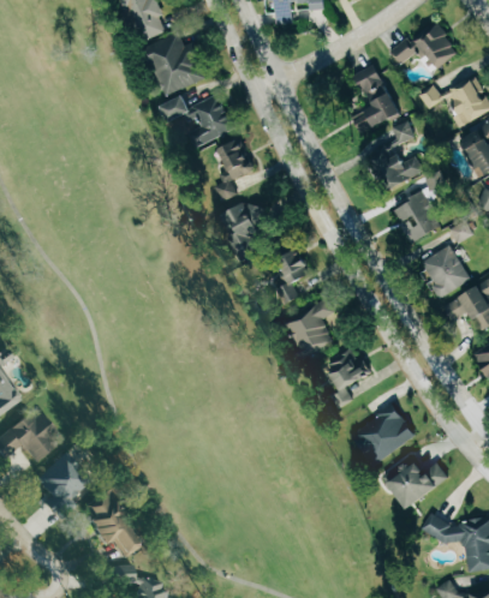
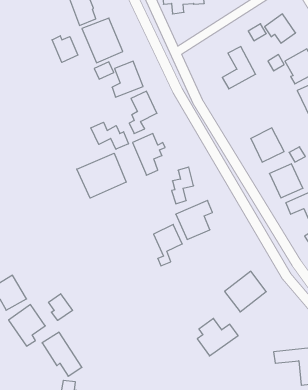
building: none -> [52,36,78,62]
building: [368,119,423,189] -> none
building: none -> [91,122,128,149]
building: none -> [77,153,126,198]
building: [324,345,366,406] -> [154,224,182,266]
building: none -> [49,294,73,320]
building: [389,454,449,509] -> [197,318,238,356]

